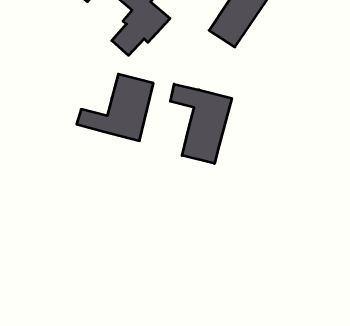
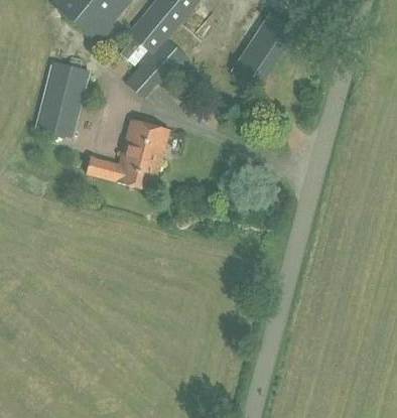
building: none -> [34,60,90,138]
building: [170,84,232,164] -> none

